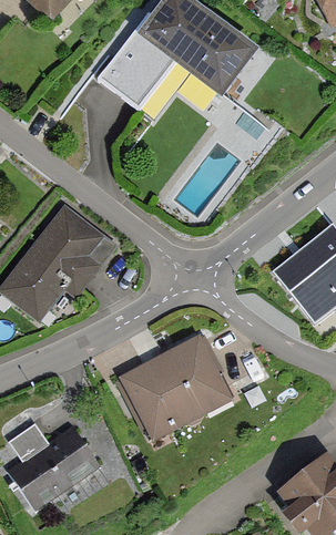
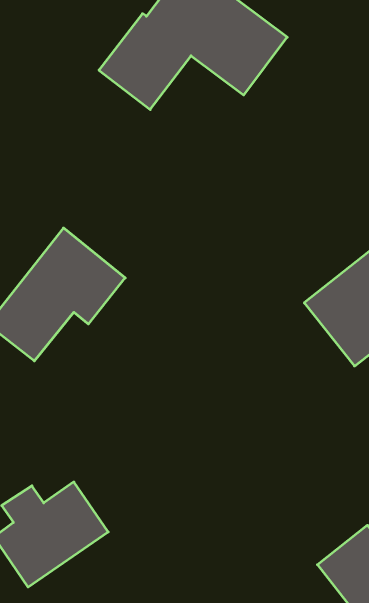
building: [130,337,241,436] -> none

